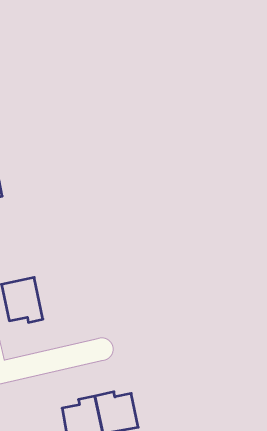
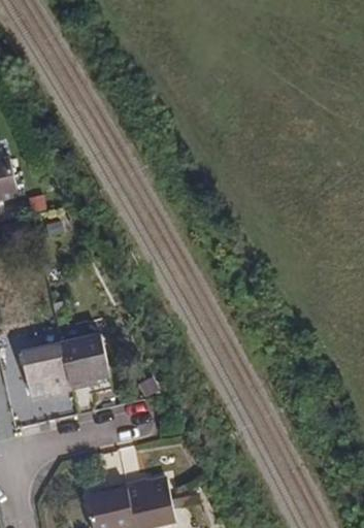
building: none -> [58,333,108,391]

